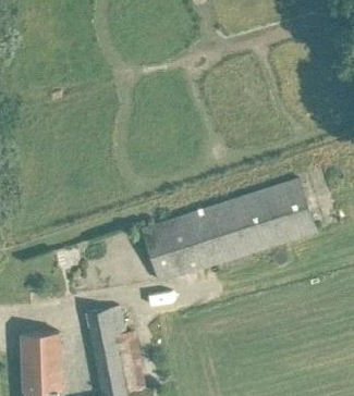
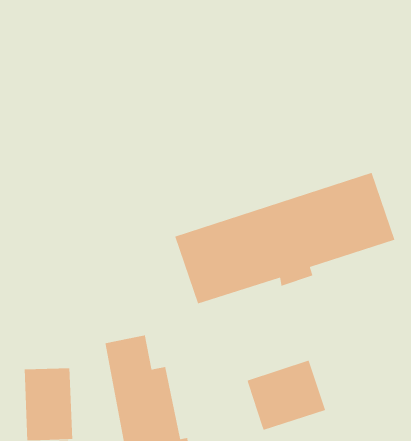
building: none -> [246,360,326,431]

